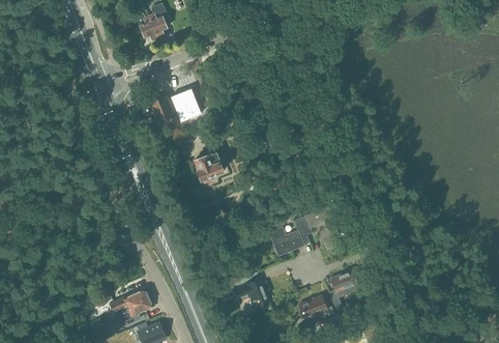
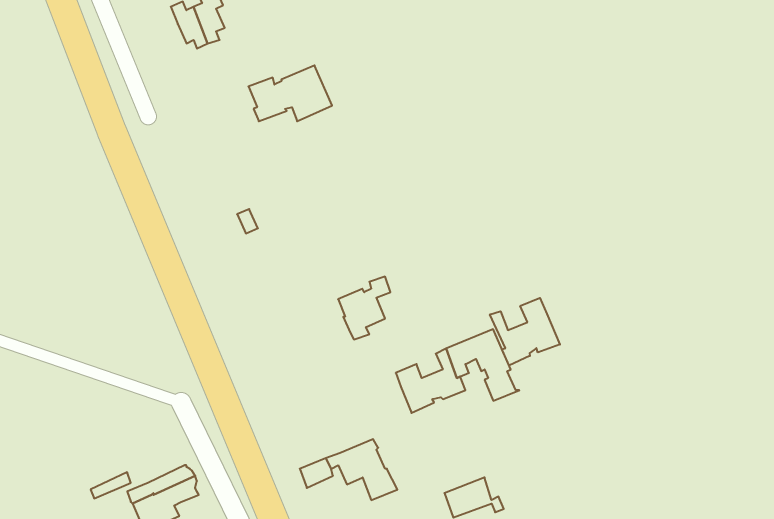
building: [152,89,202,122] -> [248,65,332,121]
building: [195,146,226,183] -> [338,277,390,339]
building: none -> [490,298,560,365]
building: [329,269,360,309] -> none

